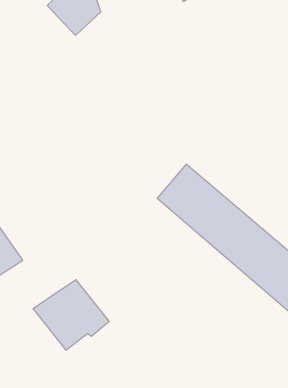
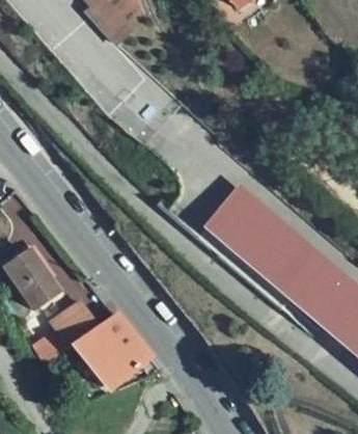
building: none -> [51,299,98,346]

